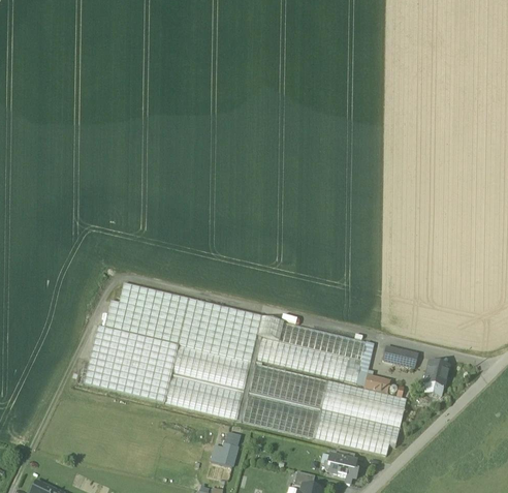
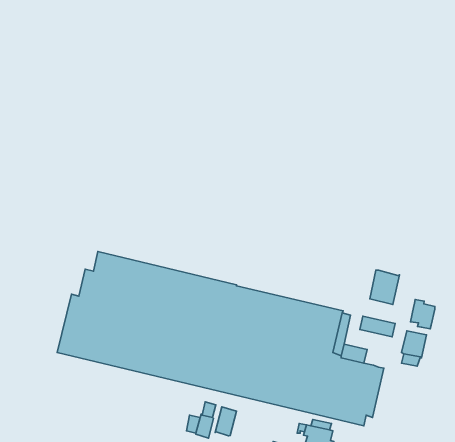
building: none -> [370,270,400,304]
building: none -> [411,299,435,329]
building: none -> [215,407,237,436]

